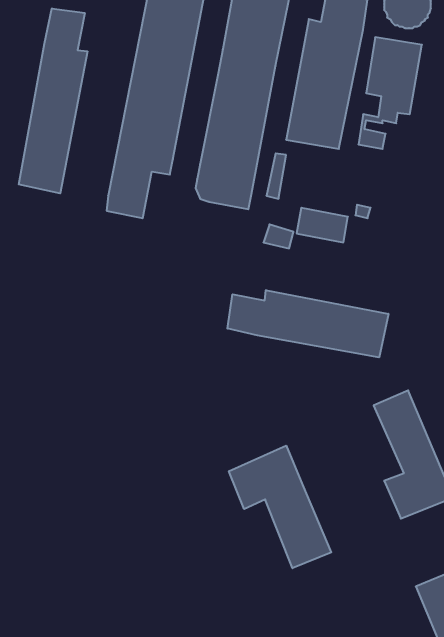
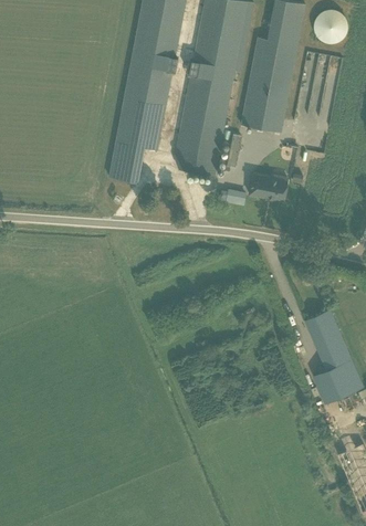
building: [19,8,87,193] -> none
building: [227,290,388,357] -> none
building: [229,446,331,568] -> none

